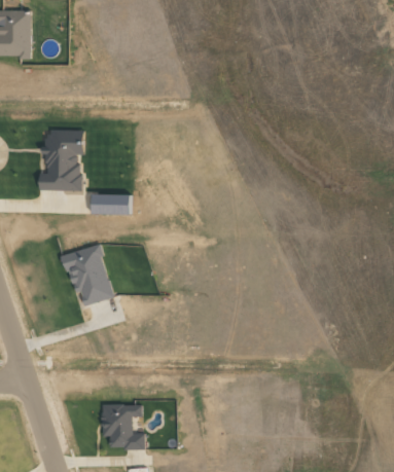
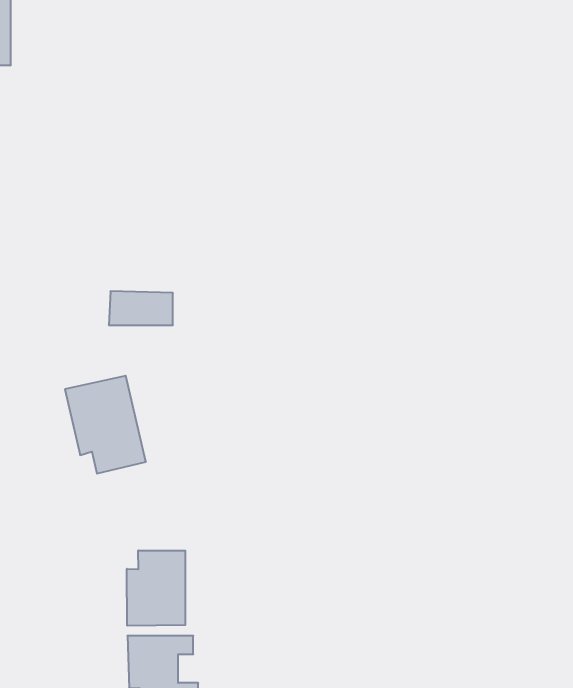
building: [38,129,81,190] -> none
building: none -> [127,550,185,626]

